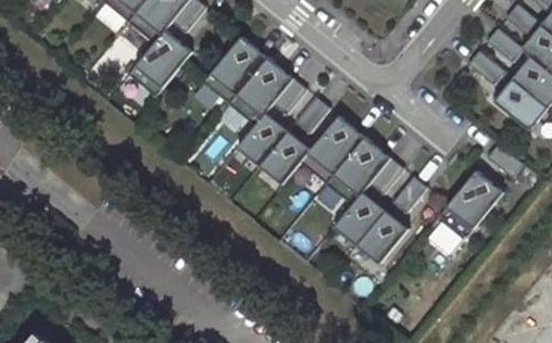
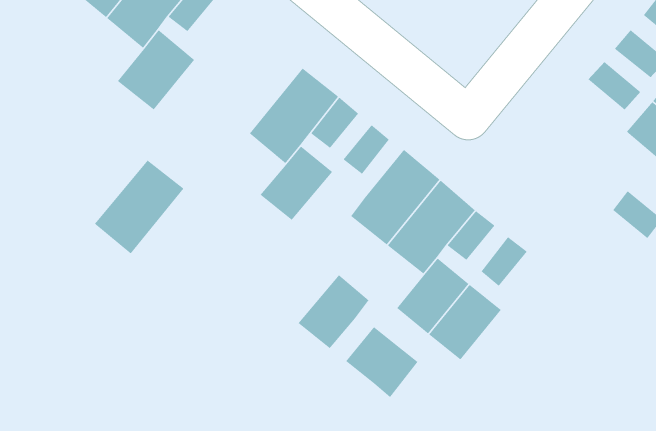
building: [202,37,266,104] -> [94,159,184,255]
building: [259,131,310,185] -> [298,274,370,349]
building: [438,170,505,240] -> none
building: none -> [345,326,419,398]

